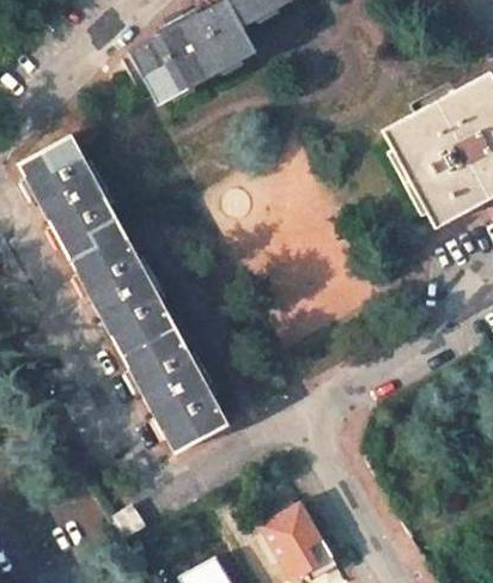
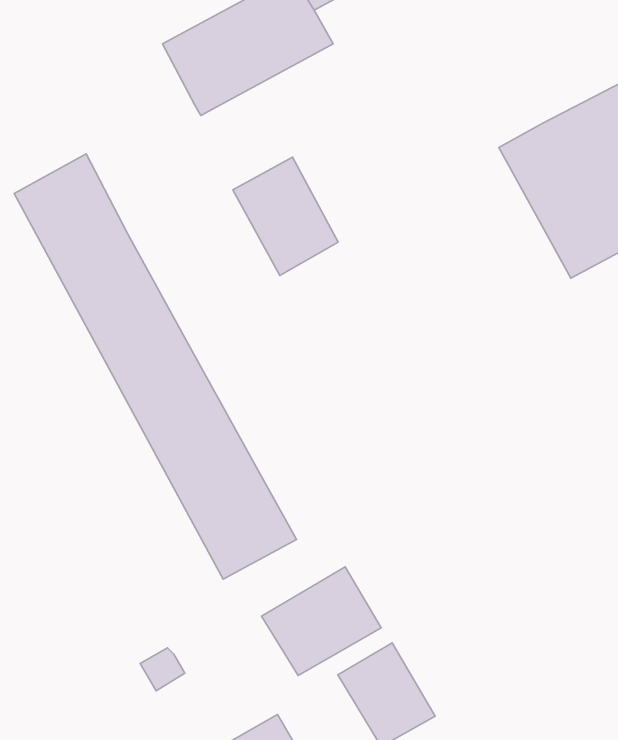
building: none -> [233,157,338,276]
building: none -> [261,567,381,676]

